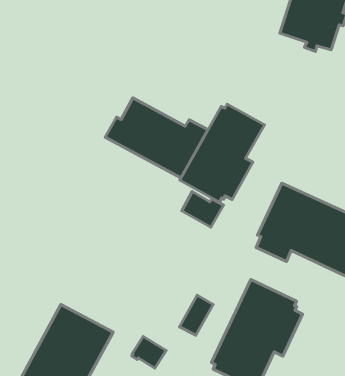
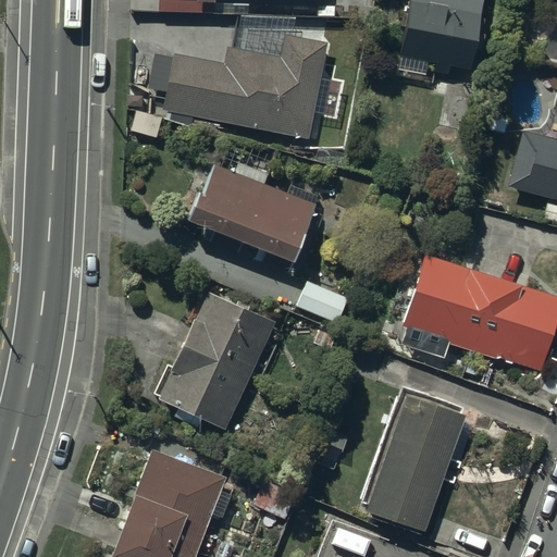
building: none -> [163,34,326,137]
building: [180,104,265,202] -> none
building: none -> [159,292,275,430]

